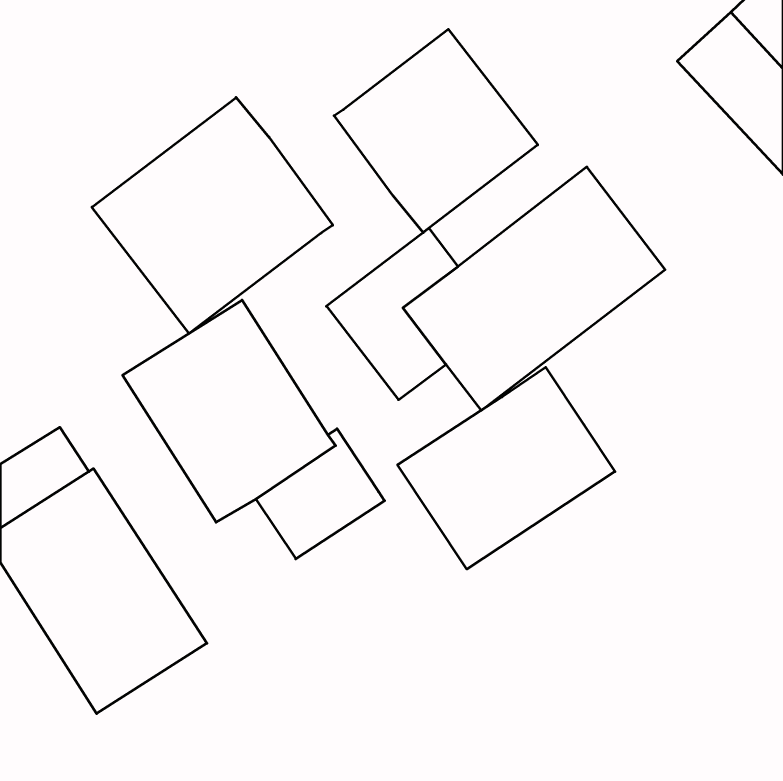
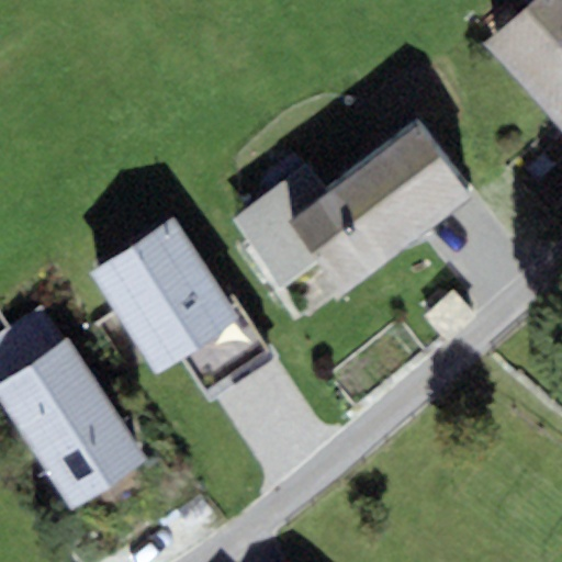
building: [334,29,538,233] -> none
building: [92,97,333,333] -> none
building: [398,367,615,569] -> none

